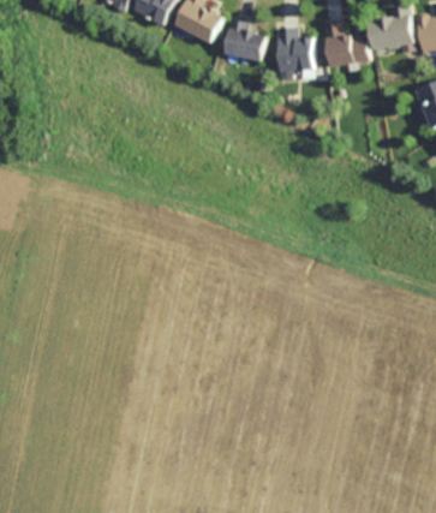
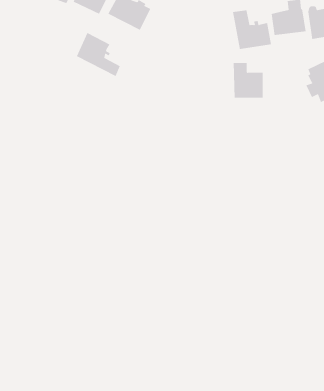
building: [223,18,268,62] -> none
building: [279,28,316,71] -> [233,62,263,98]
building: none -> [76,32,121,77]

